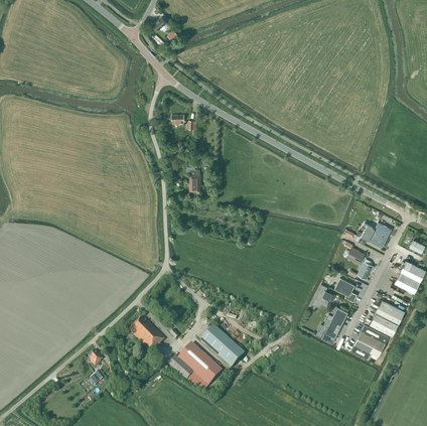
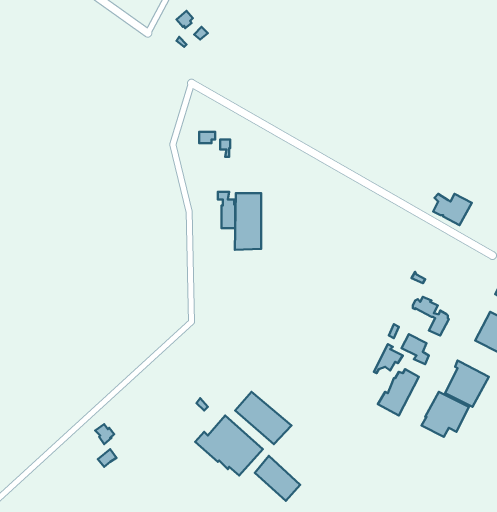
building: none -> [235,193,261,250]
building: [361,222,392,247] -> [433,194,472,225]
building: [129,316,165,352] -> none
building: none -> [255,456,300,501]

